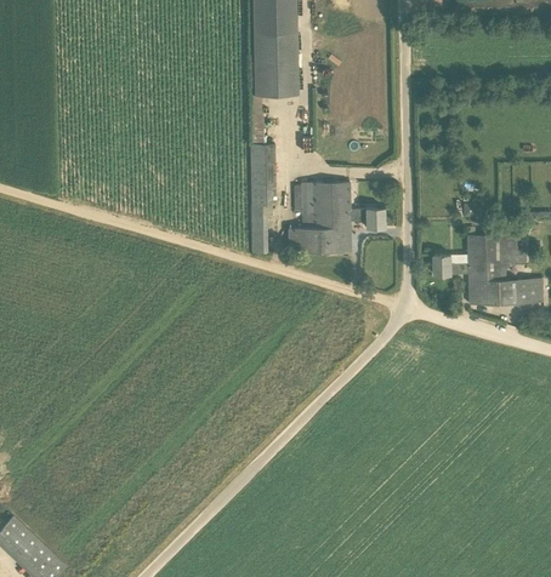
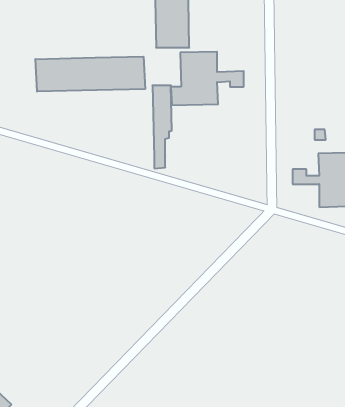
building: none -> [35,57,145,92]
building: [289,182,385,252] -> [171,52,244,105]

